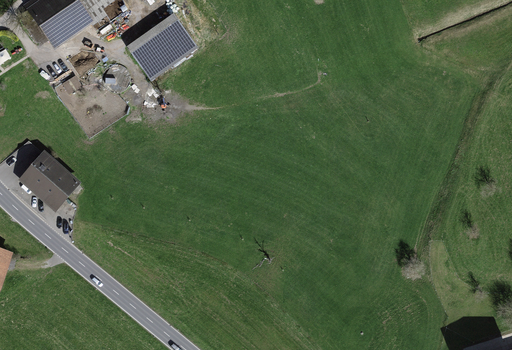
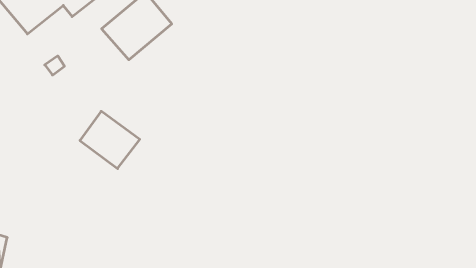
building: [20,150,81,210] -> [80,111,140,169]

